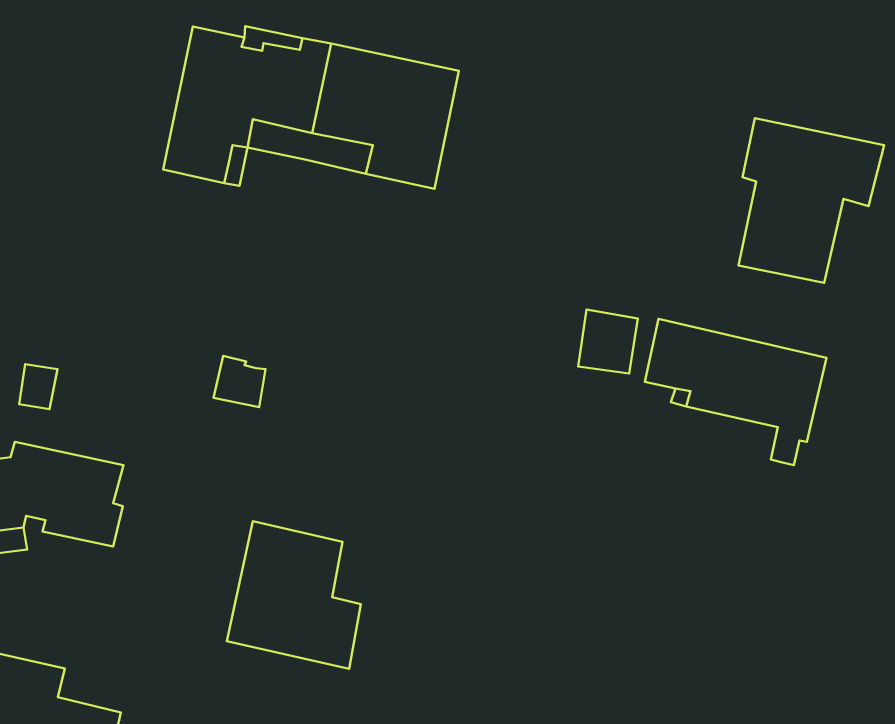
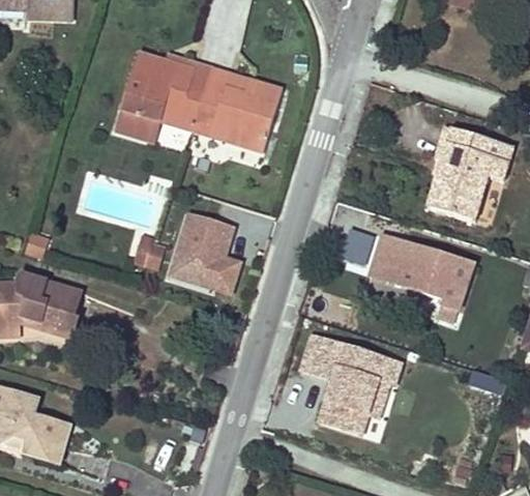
building: none -> [305,337,404,435]
building: [227,521,361,669] -> [166,210,241,296]

